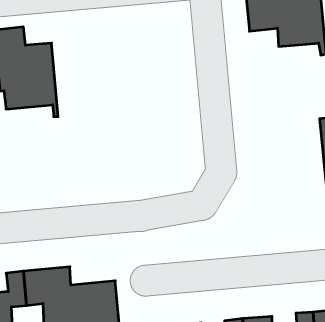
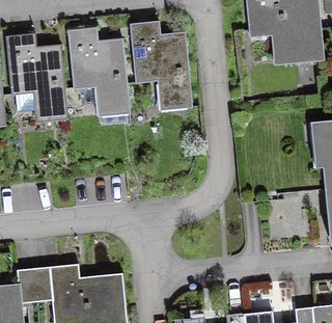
building: none -> [130,22,192,108]
building: none -> [67,28,129,114]

